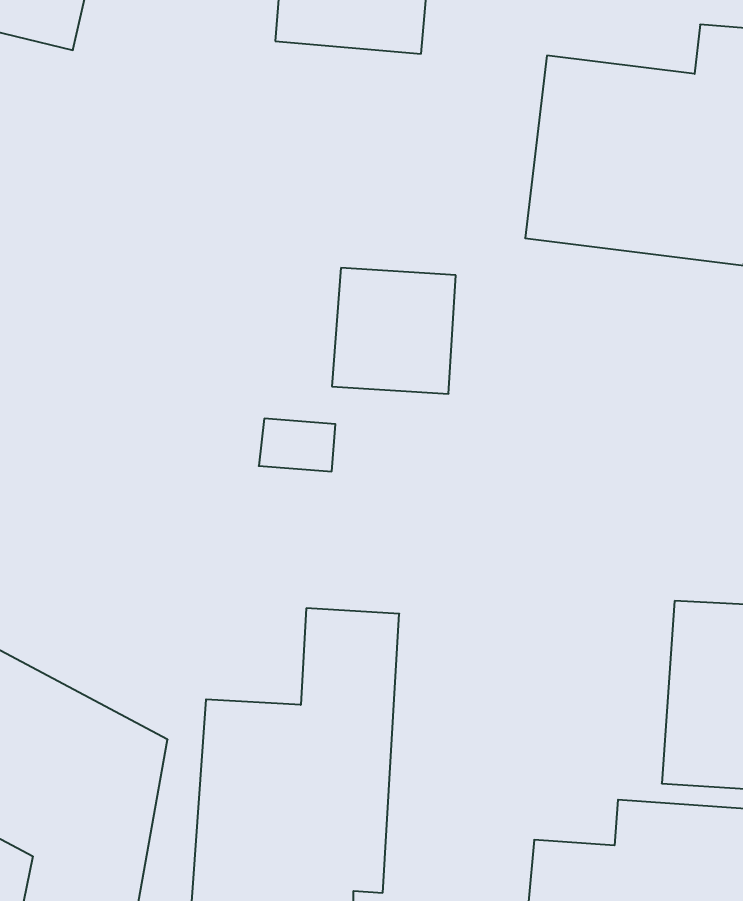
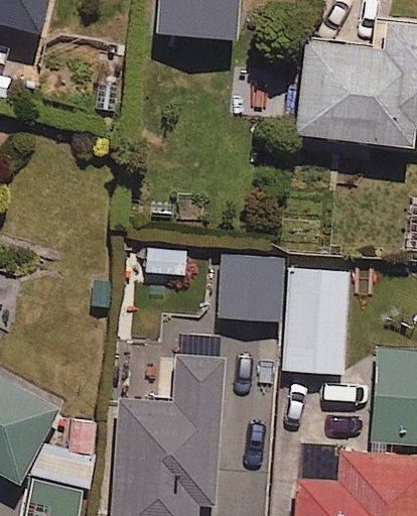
building: [332,268,456,394] -> [217,252,285,321]
building: none -> [286,265,353,377]

